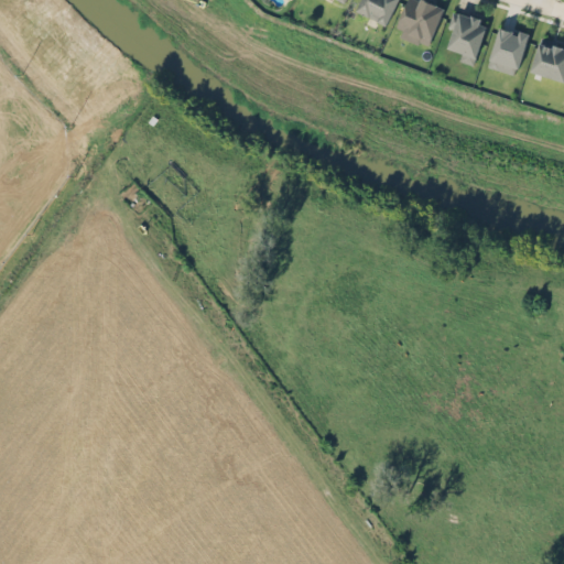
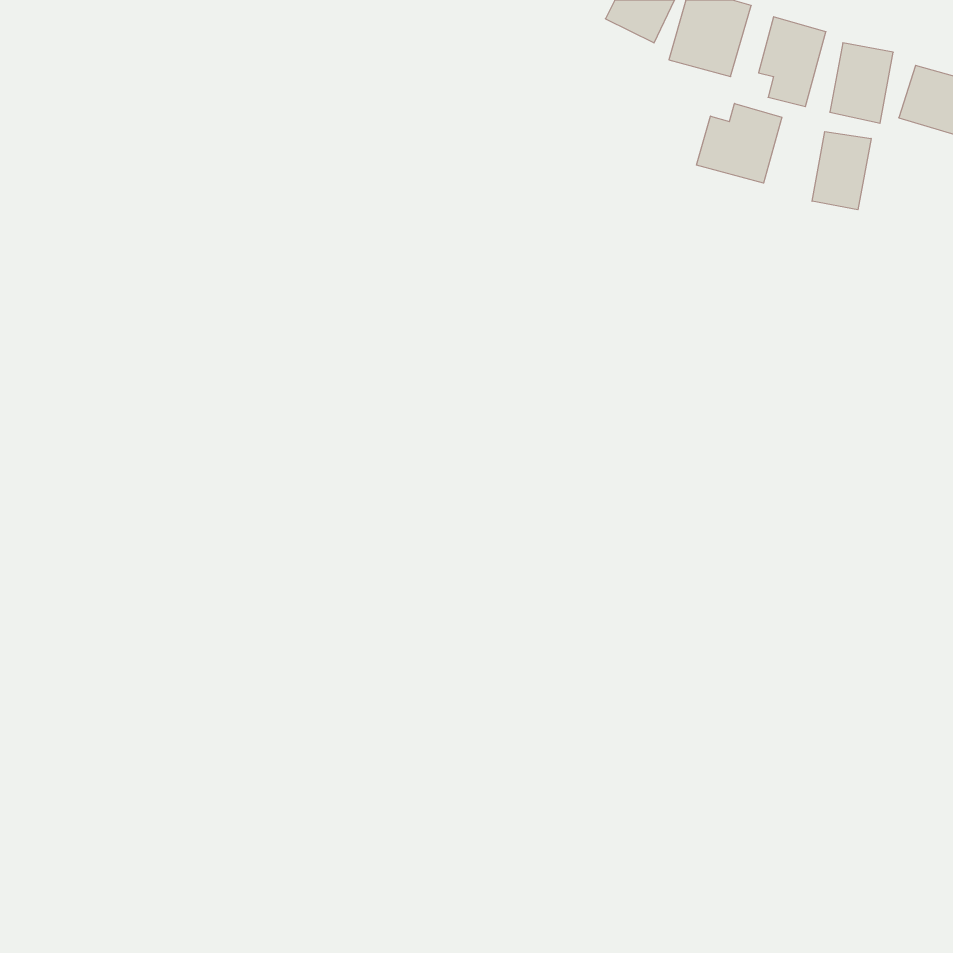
building: none -> [696,103,782,183]
building: none -> [812,132,871,210]

